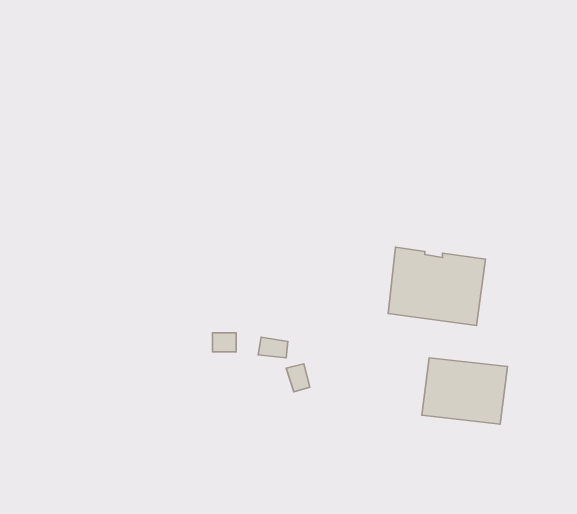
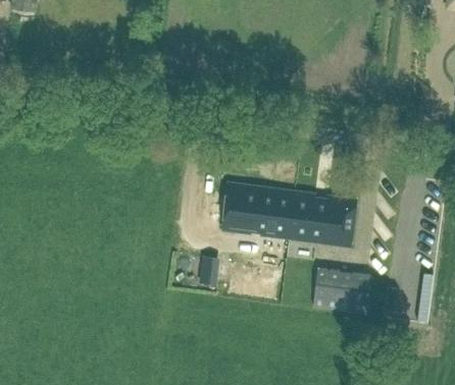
building: none -> [223,184,294,238]

